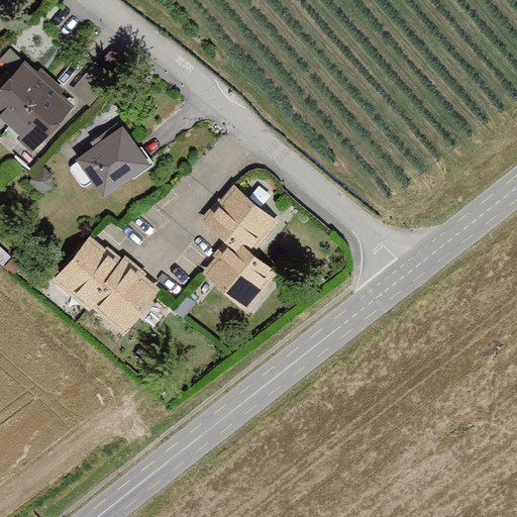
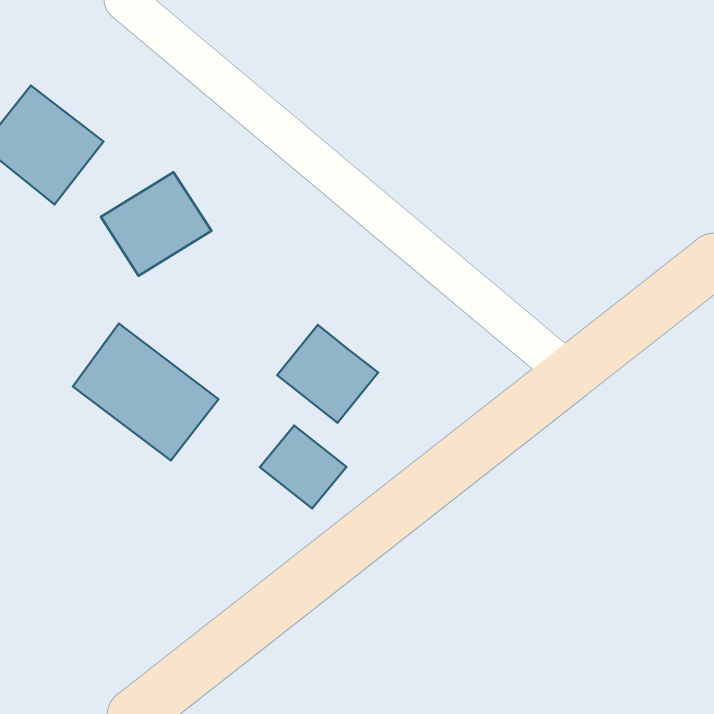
building: [207,186,276,252] -> none
building: none -> [260,426,346,508]

